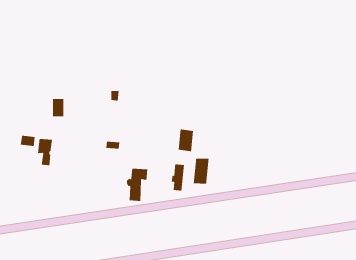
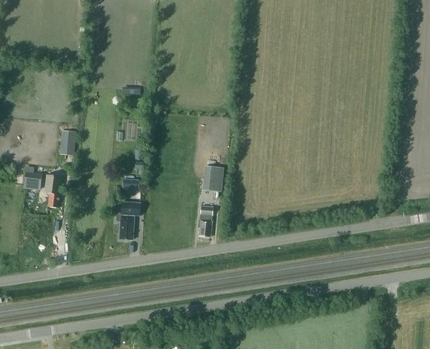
building: [193,158,209,184] -> none
building: [126,168,148,201] -> [116,201,141,239]

